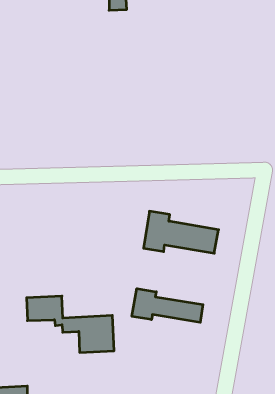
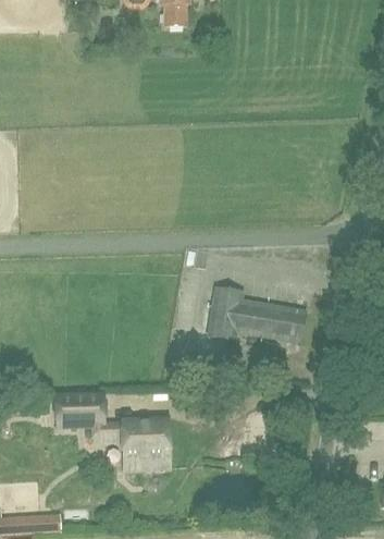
building: [132,289,203,322] -> none

